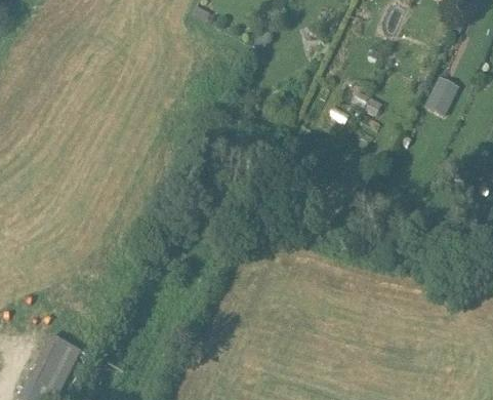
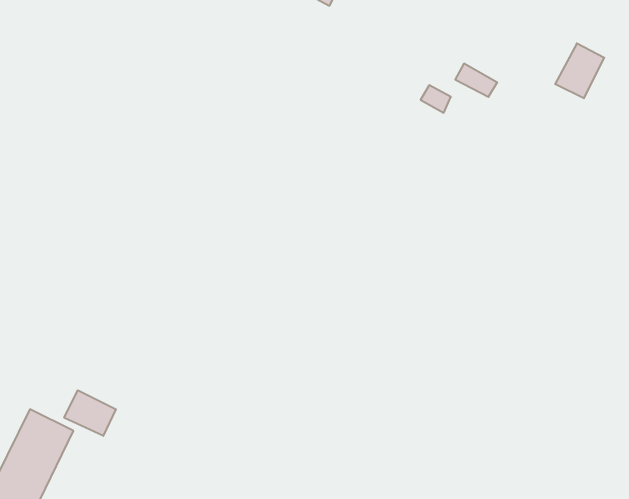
building: none -> [64,390,116,436]

